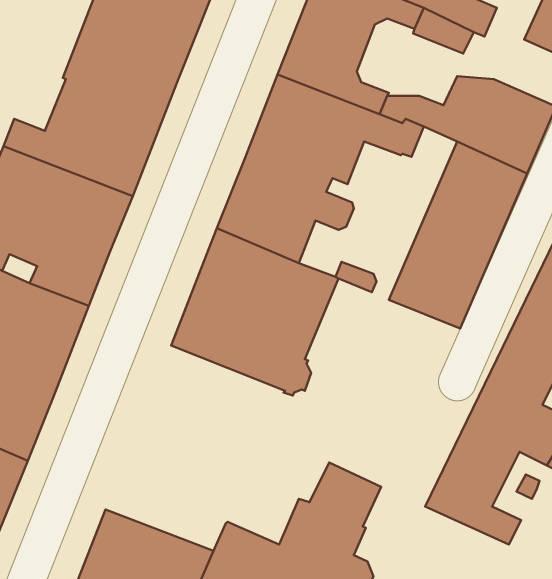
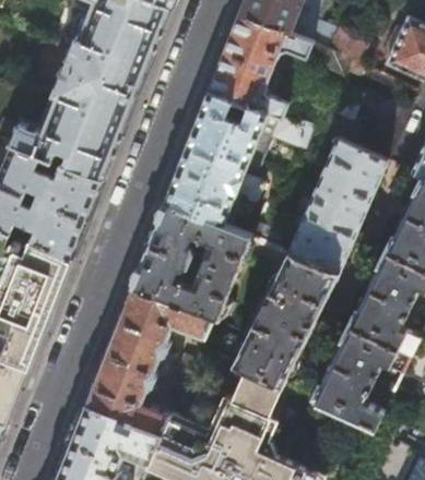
building: none -> [232,252,339,386]
building: none -> [84,285,213,432]

